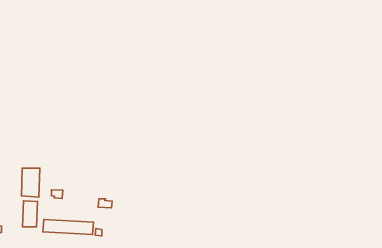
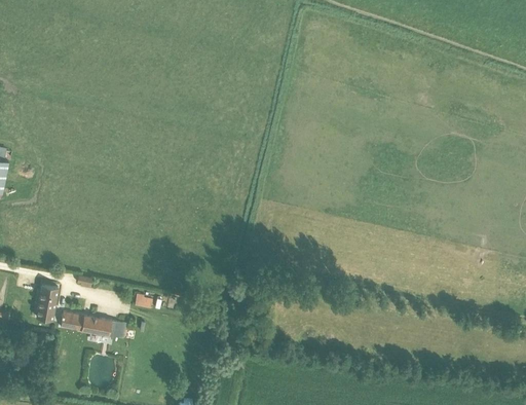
building: [21,168,40,197] -> none

